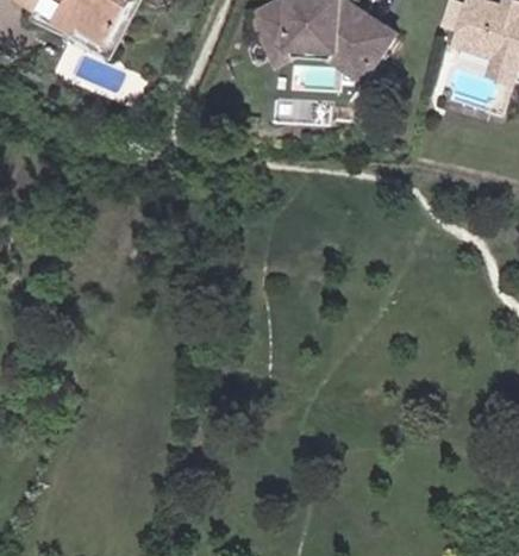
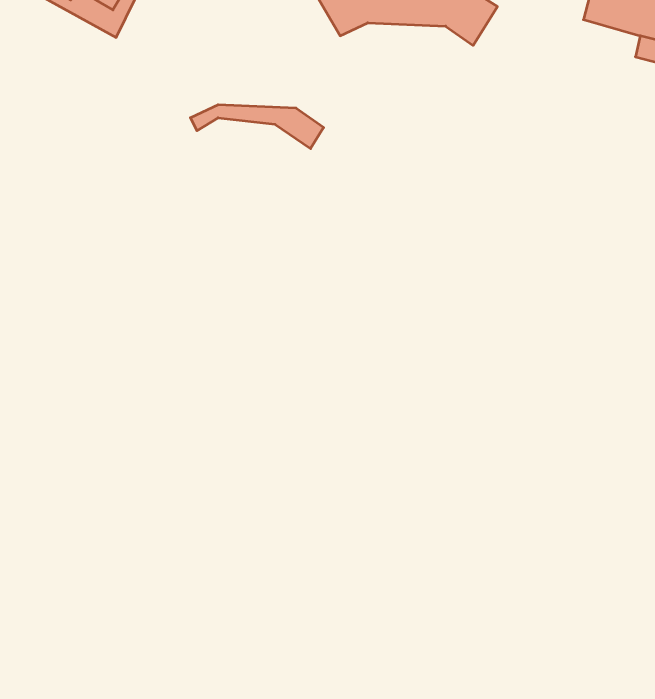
building: [274,44,371,76] -> [190,105,324,149]

